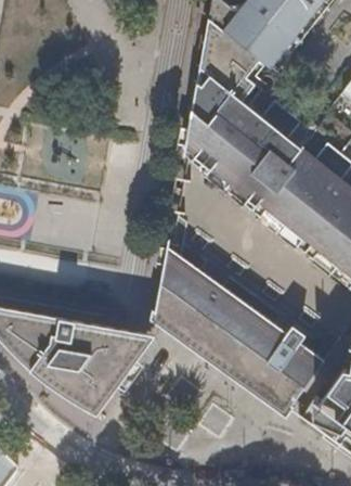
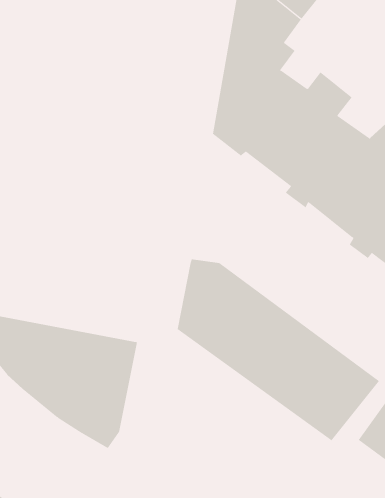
building: [112,332,160,407] -> none

